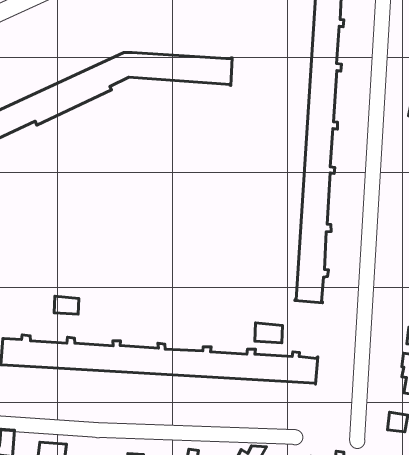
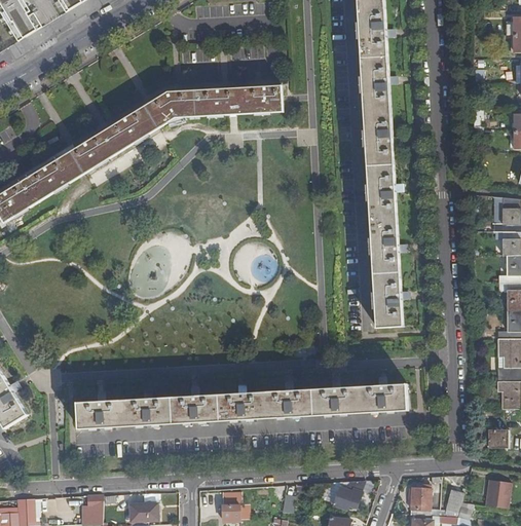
building: [54,296,79,314] -> none
building: [255,323,282,343] -> none

